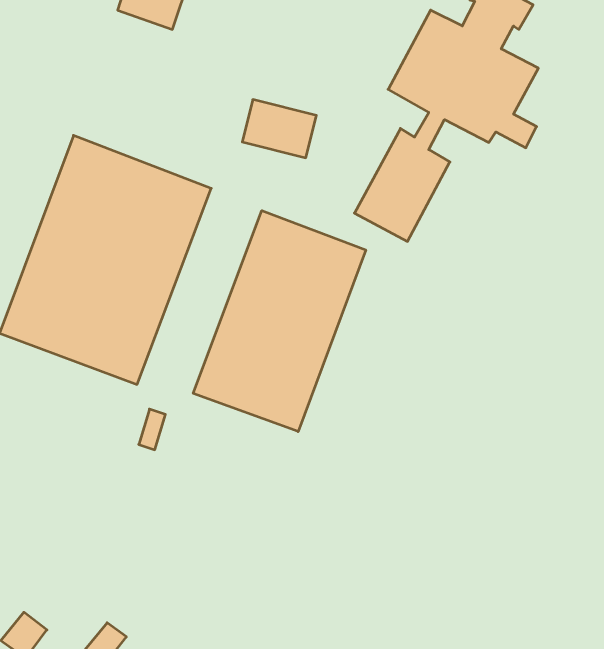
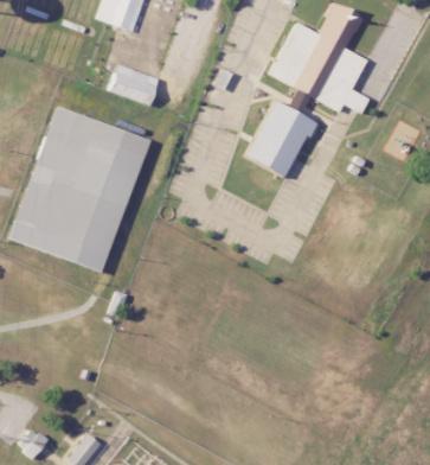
building: [242,100,316,158] -> [104,64,154,103]
building: [193,211,366,432] -> none

